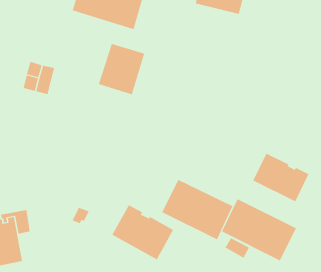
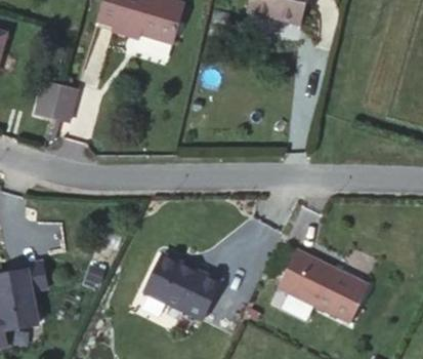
building: [98,43,145,95] -> none
building: [252,153,309,202] -> none
building: [161,179,233,240] -> none

